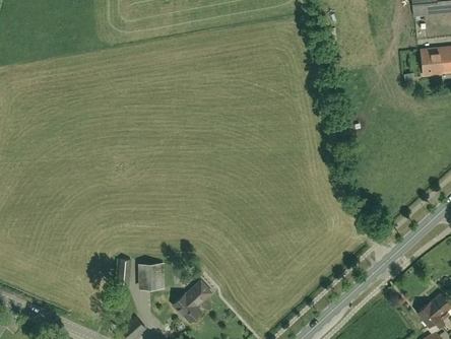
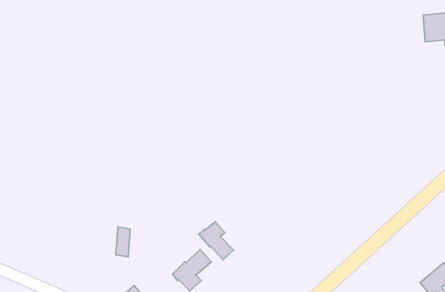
building: none -> [199,222,234,260]
building: [138,264,165,290] -> none

